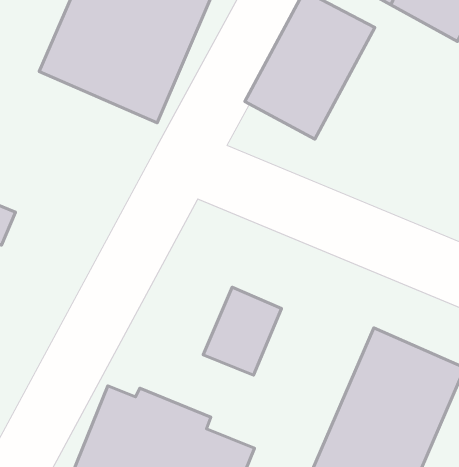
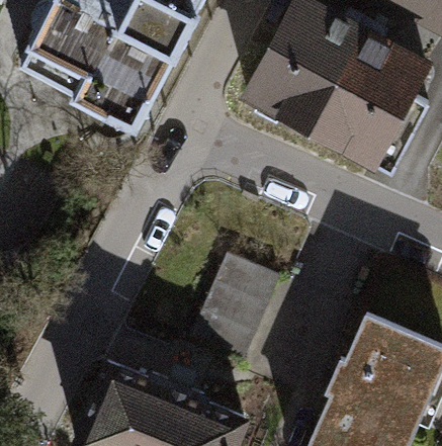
building: none -> [305,27,420,173]

